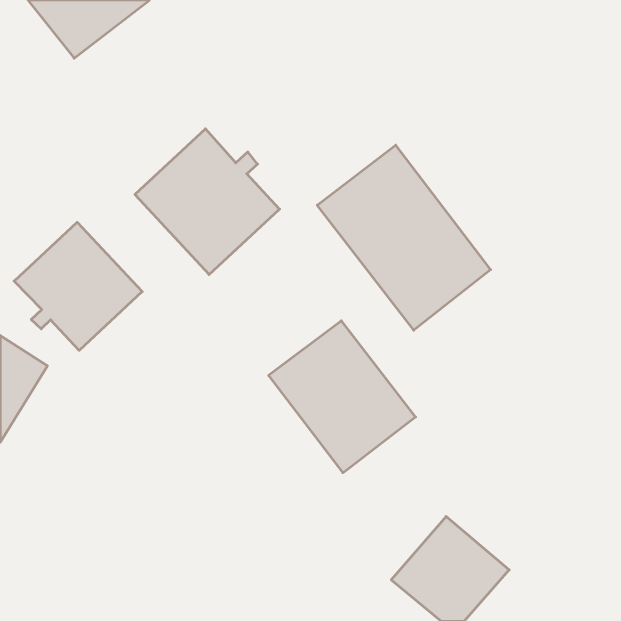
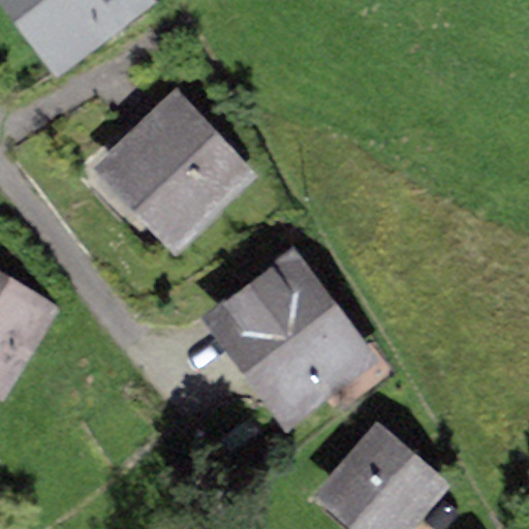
building: [317,145,491,330] -> none
building: [14,222,142,350] -> none

